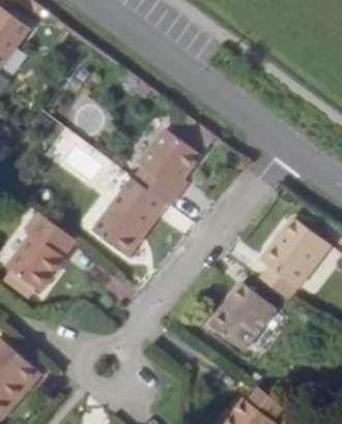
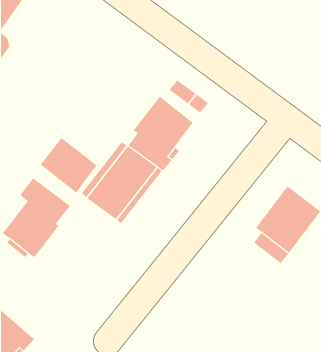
building: none -> [40,137,98,193]
building: [212,283,278,352] -> none

